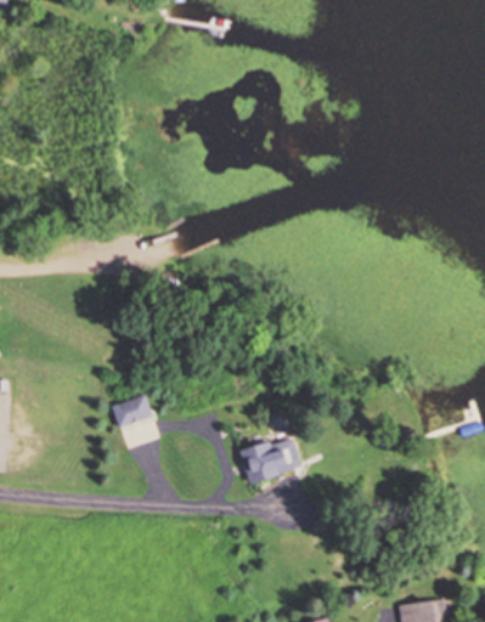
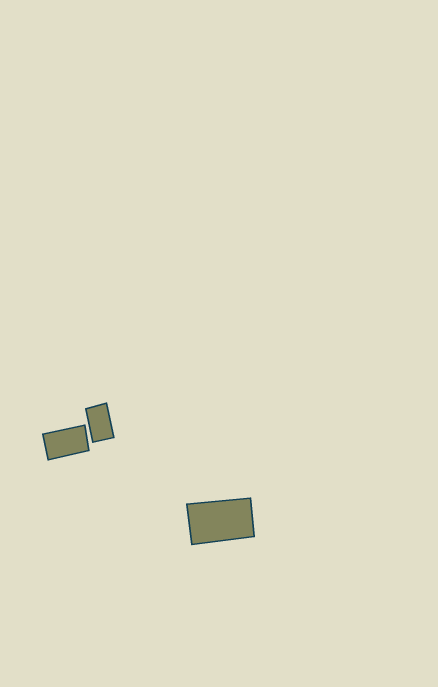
building: none -> [86,403,114,442]

